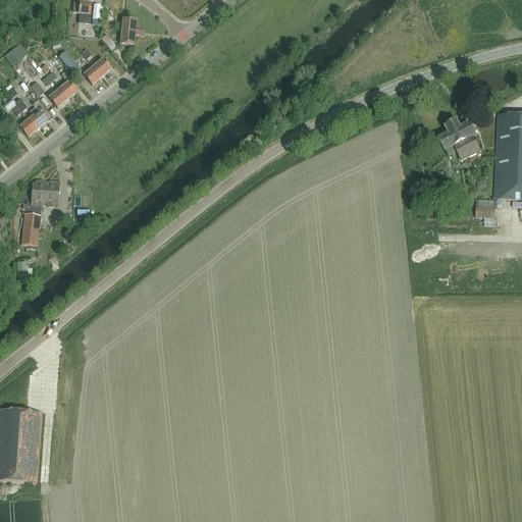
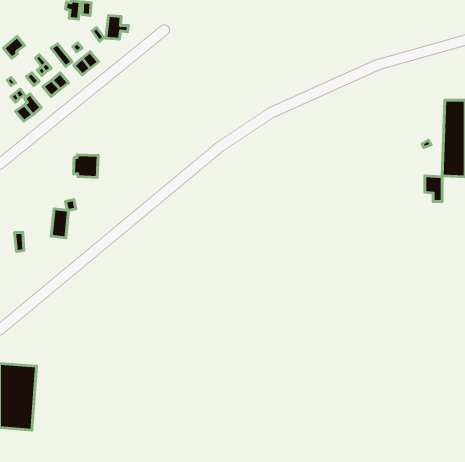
building: [439,121,481,159] -> none
building: [31,178,58,204] -> [73,155,98,178]
building: [20,212,40,245] -> [51,209,69,238]

